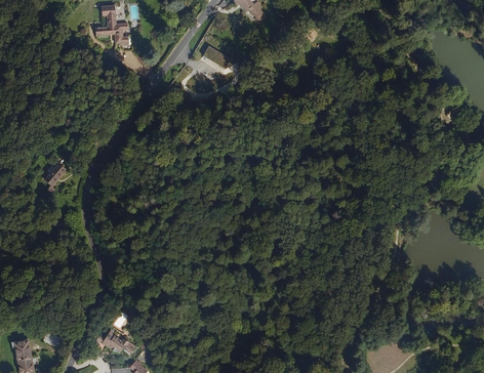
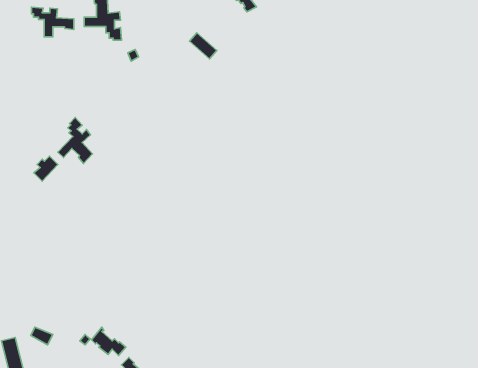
building: none -> [32,7,74,37]
building: none -> [58,118,93,164]

